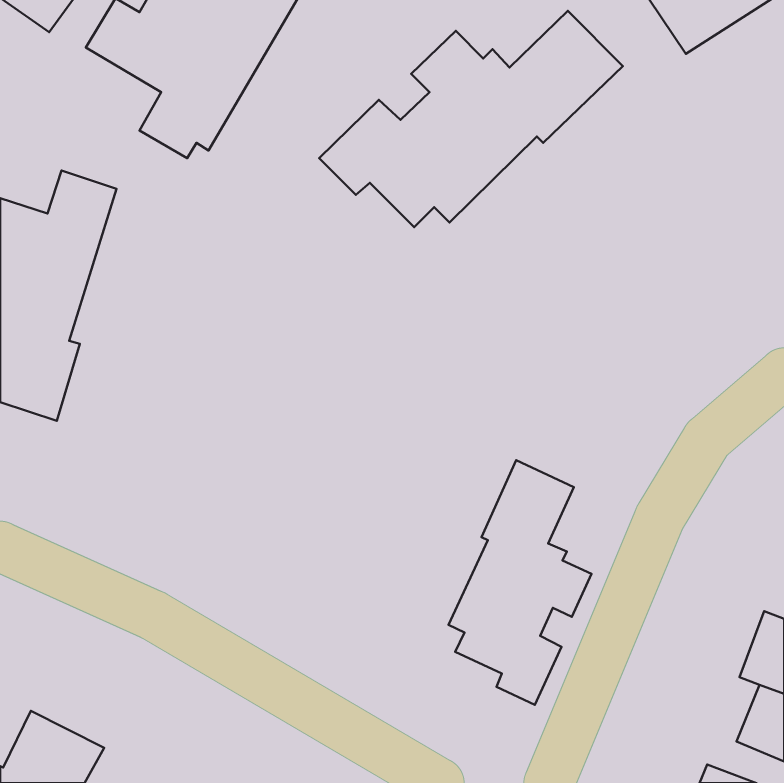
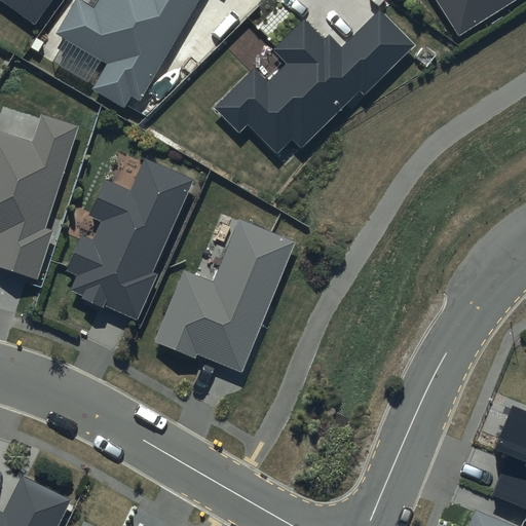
building: none -> [65,158,193,320]
building: none -> [155,219,295,372]
building: [448,460,591,705] -> none

